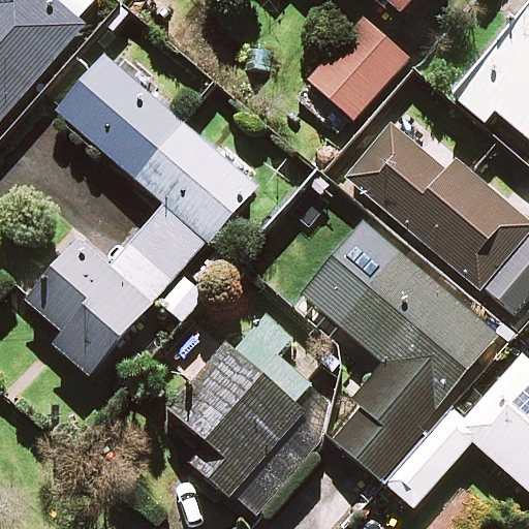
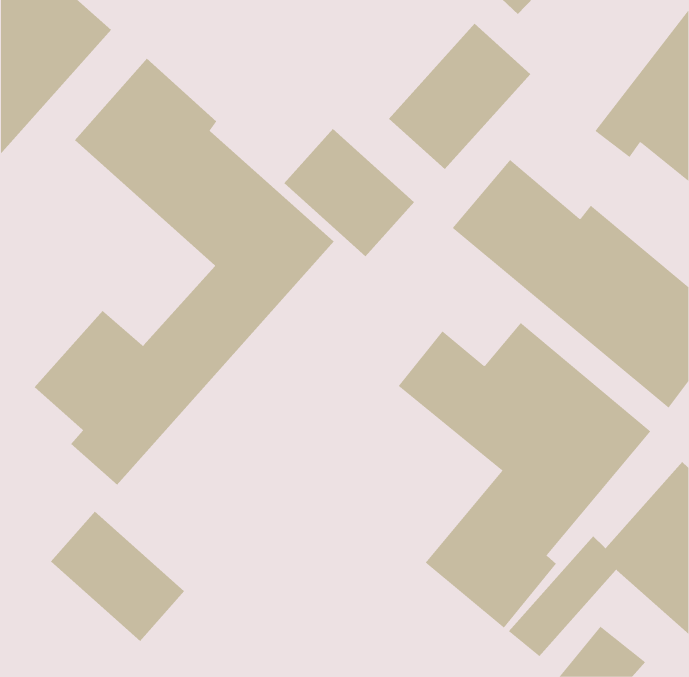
building: none -> [284,128,415,257]
building: [169,313,339,515] -> none
building: none -> [50,511,185,642]

